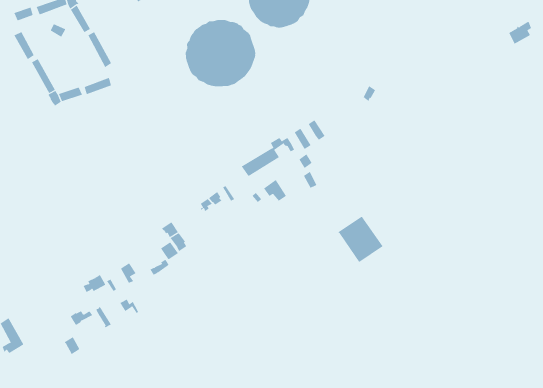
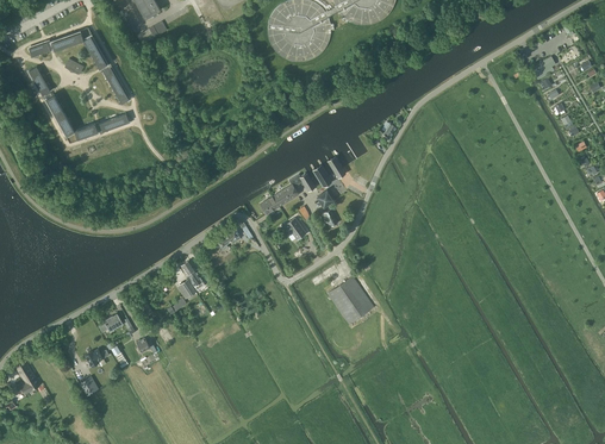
building: [185,19,256,87] -> none
building: [338,216,383,263] -> [328,276,374,324]

